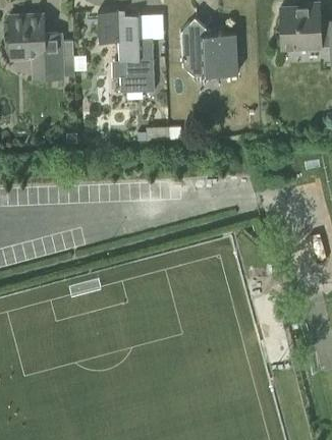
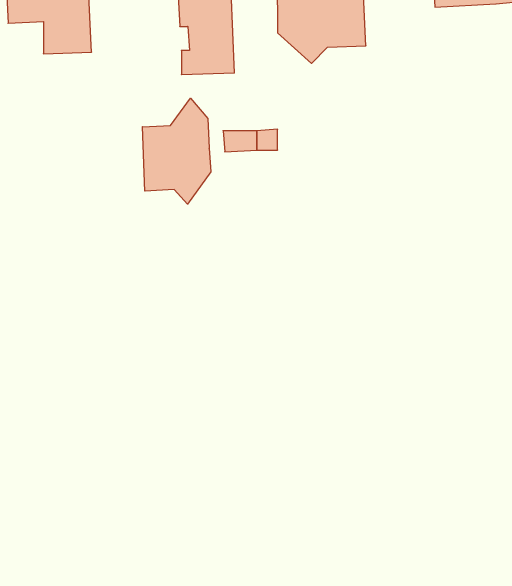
building: none -> [142,98,211,204]

